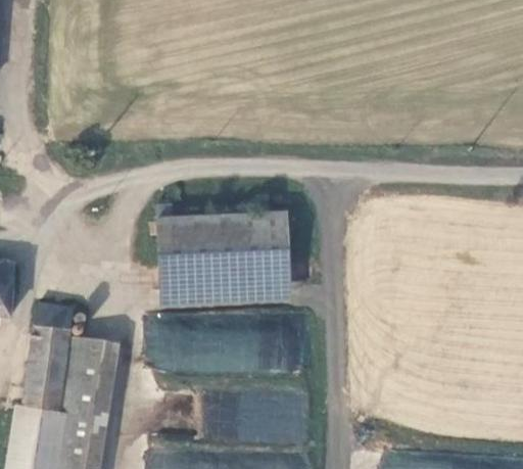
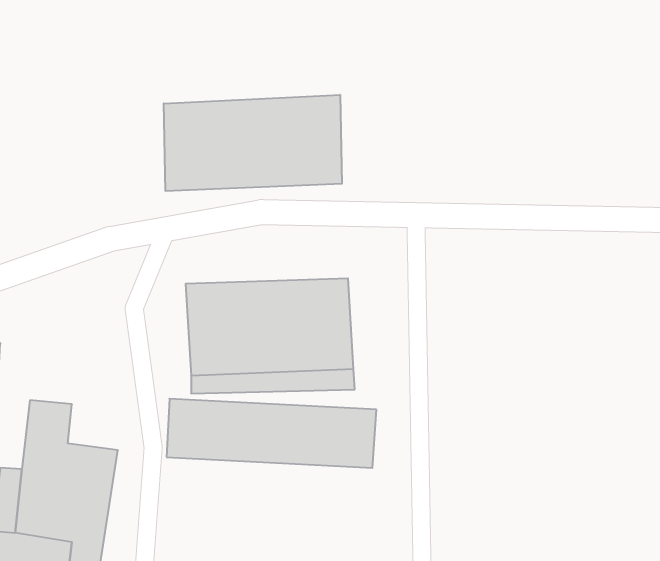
building: none -> [164,95,342,191]

